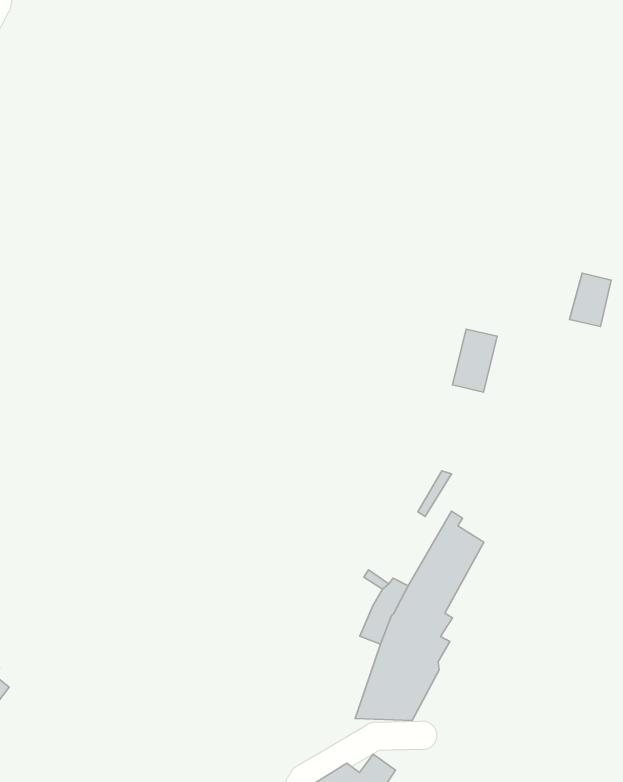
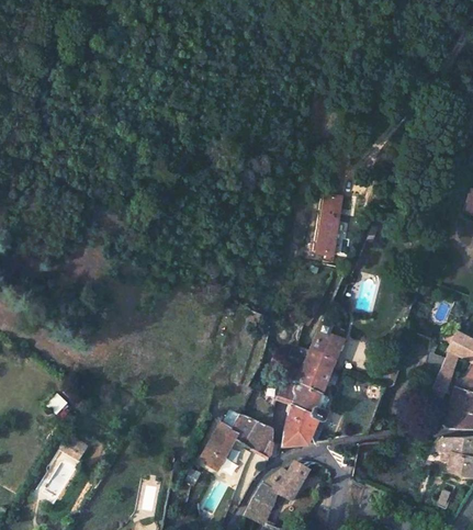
building: [570,273,611,326] -> [320,195,341,224]
building: none -> [199,414,272,471]

